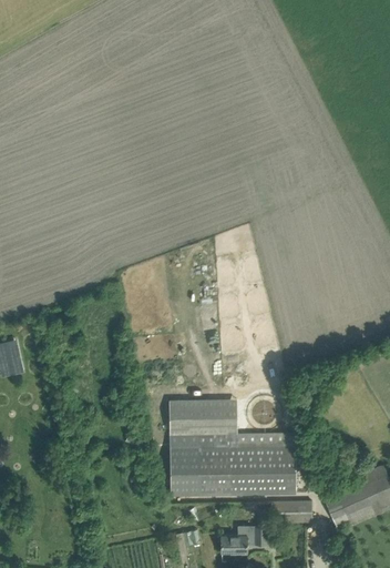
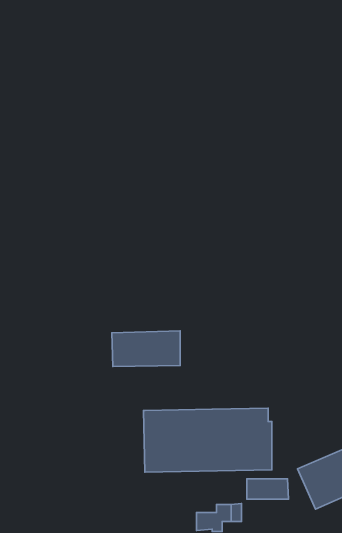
building: [170,398,237,434] -> [112,331,180,367]

